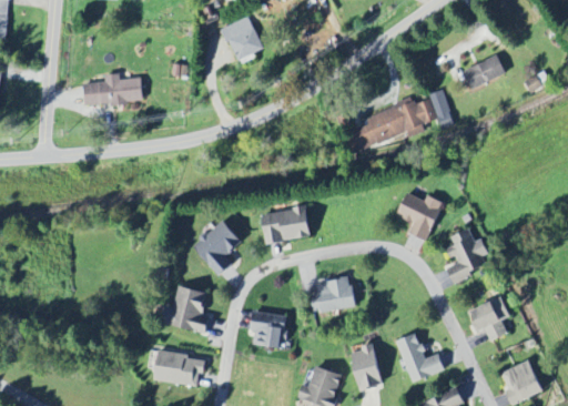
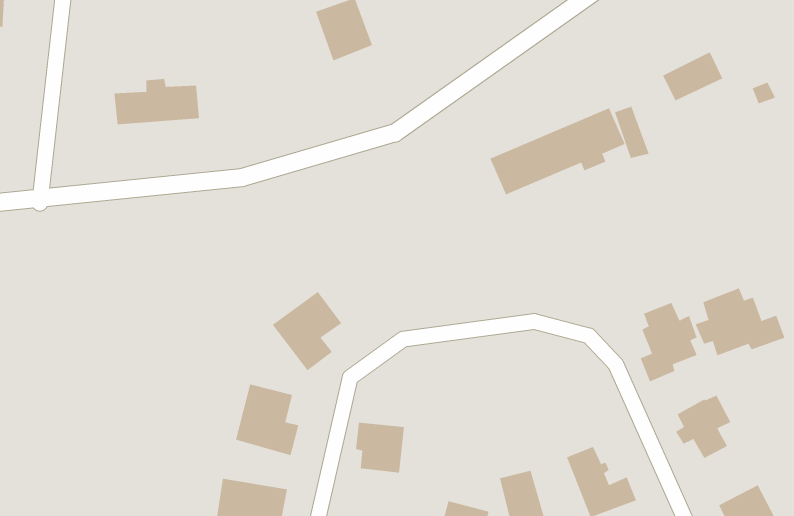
building: [396,192,443,241] -> none
building: [261,206,311,244] -> none
building: none -> [695,288,785,356]
building: [311,278,354,313] -> none

